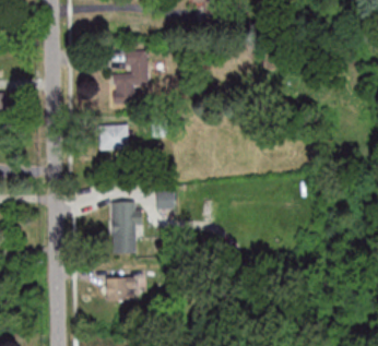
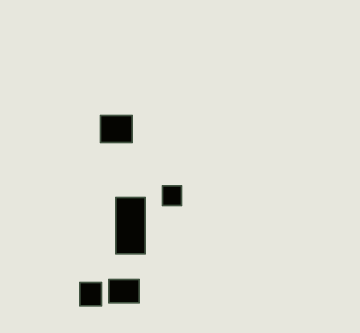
building: [114,51,149,104] -> none
building: none -> [80,282,102,306]

